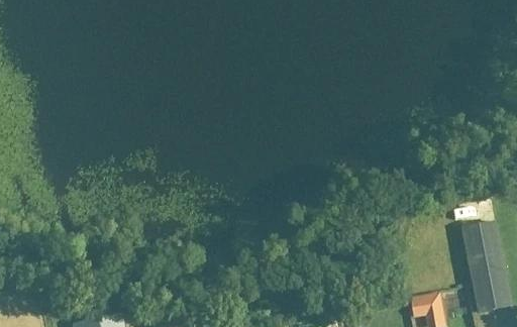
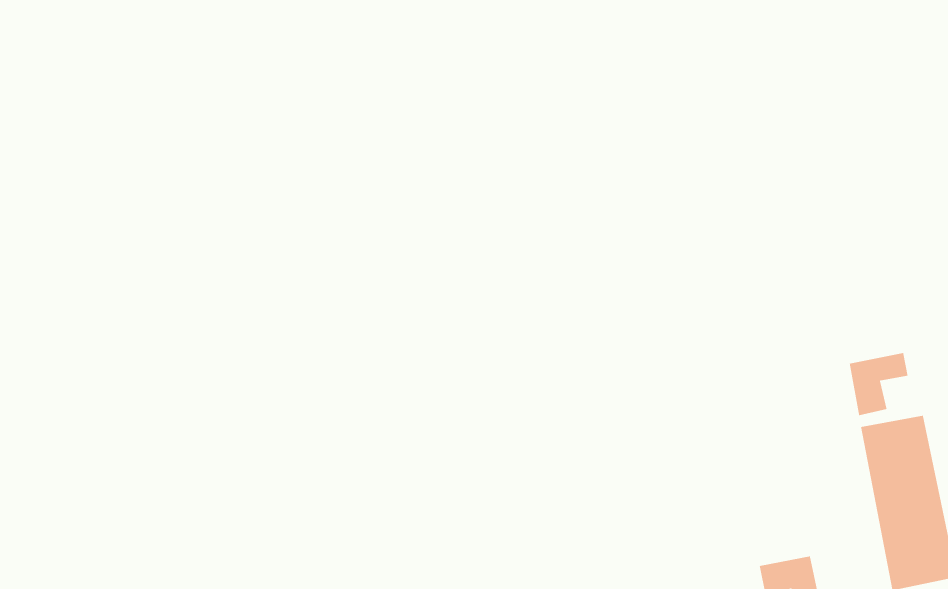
building: none -> [849,352,909,416]

